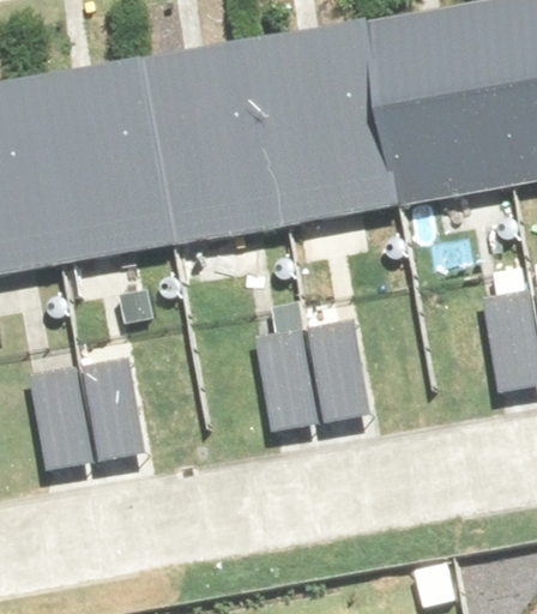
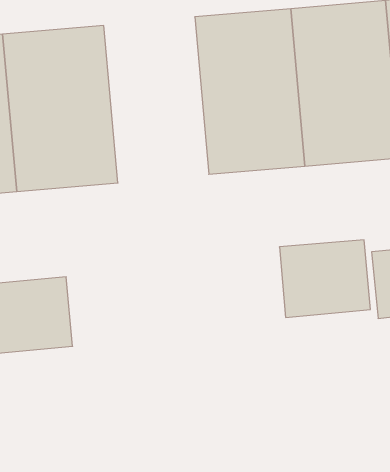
building: [153,40,292,243] -> none
building: [255,320,369,420] -> [279,240,370,317]

